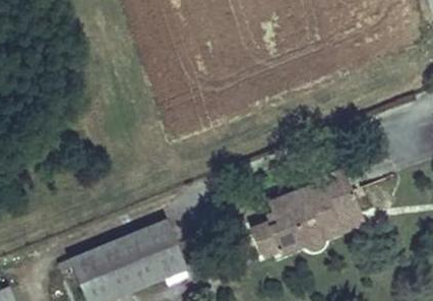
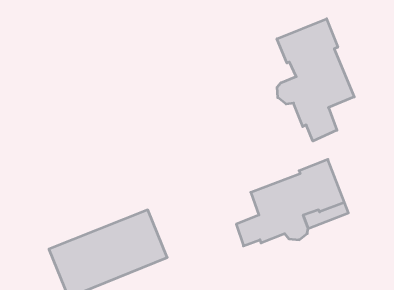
building: none -> [277,19,354,141]

